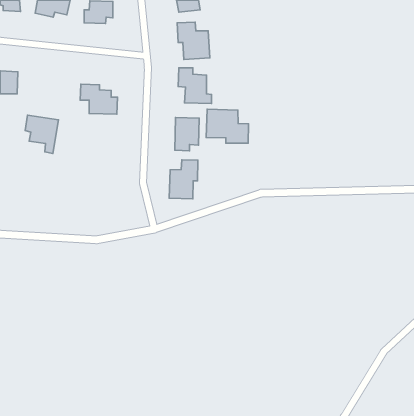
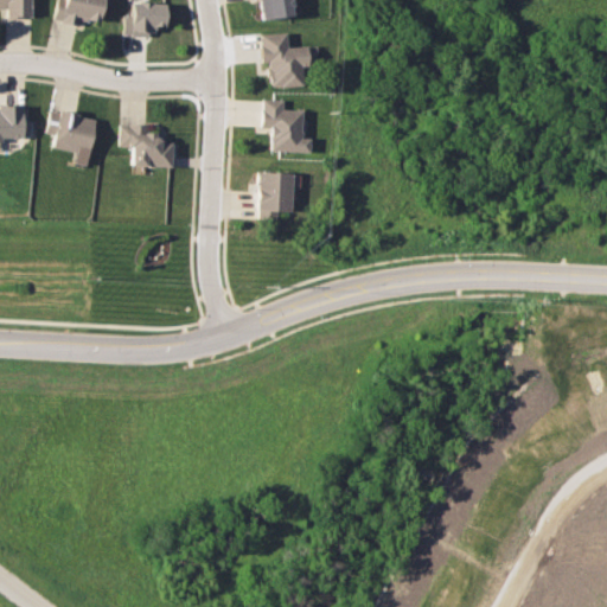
building: [206,109,248,143] -> none
building: [25,115,59,153] -> [49,110,97,166]
building: [169,160,198,199] -> none

